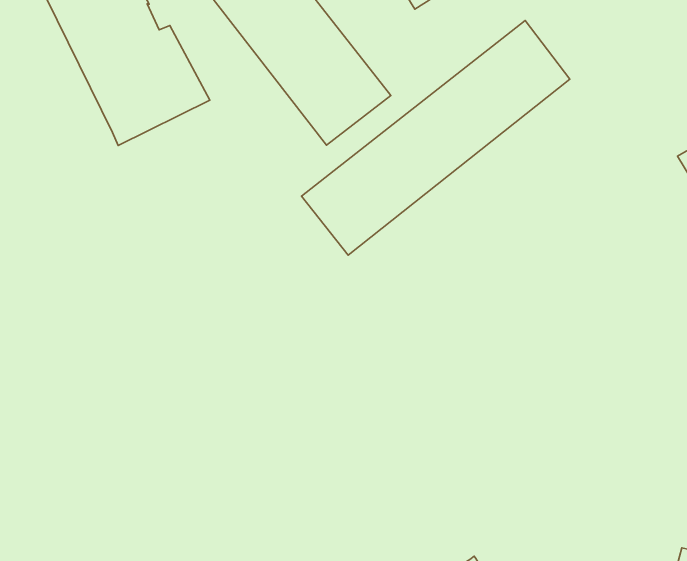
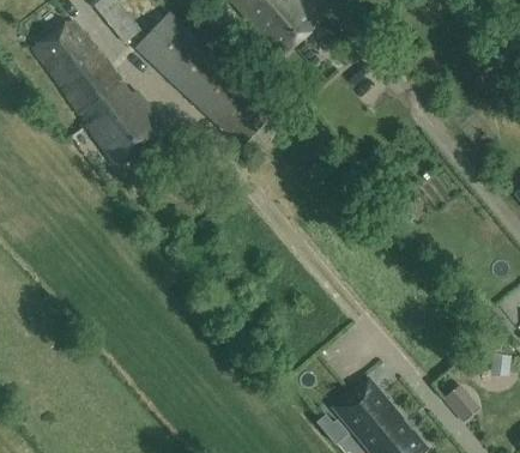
building: [301,20,570,255] -> none

